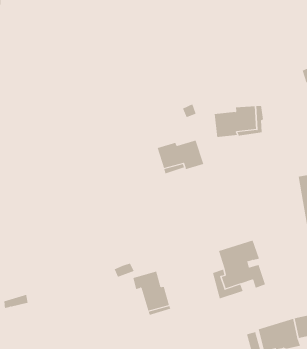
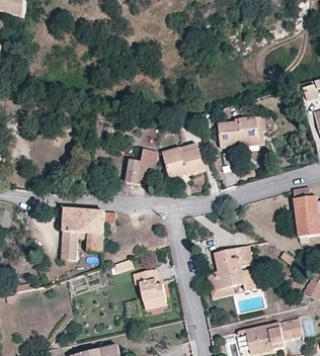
building: none -> [125,148,156,184]
building: none -> [61,207,116,260]

